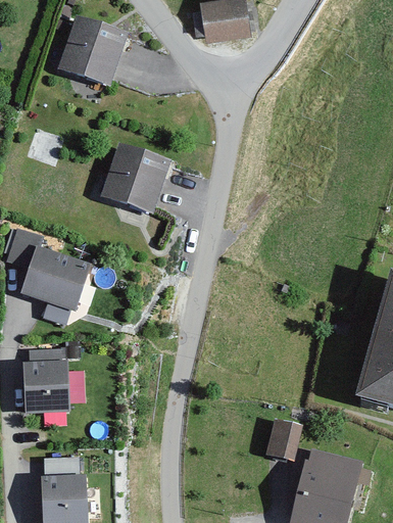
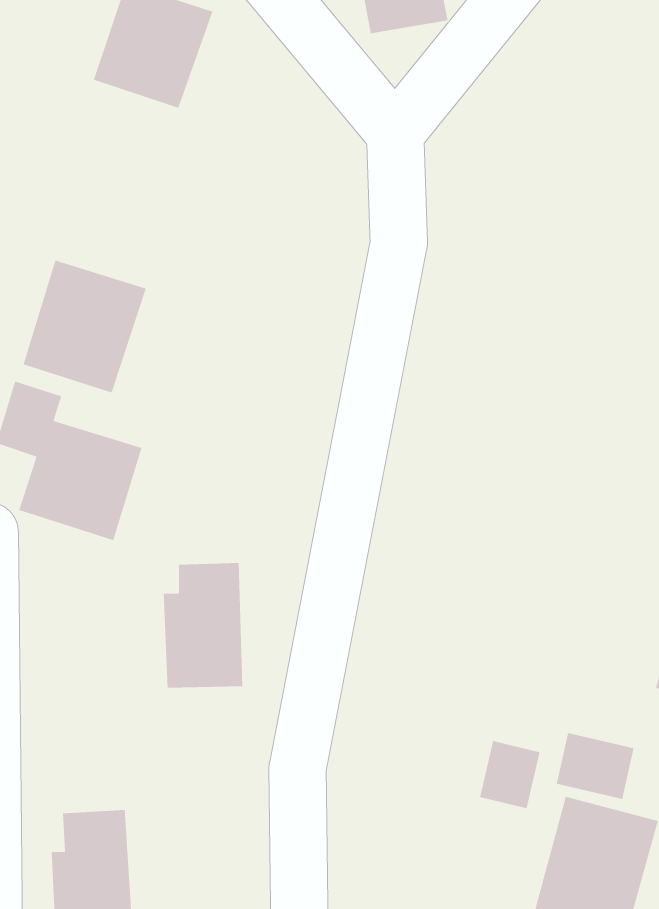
building: [103,143,169,215] -> [22,259,147,393]
building: [24,347,67,415] -> [163,562,243,689]
building: none -> [556,732,635,800]

